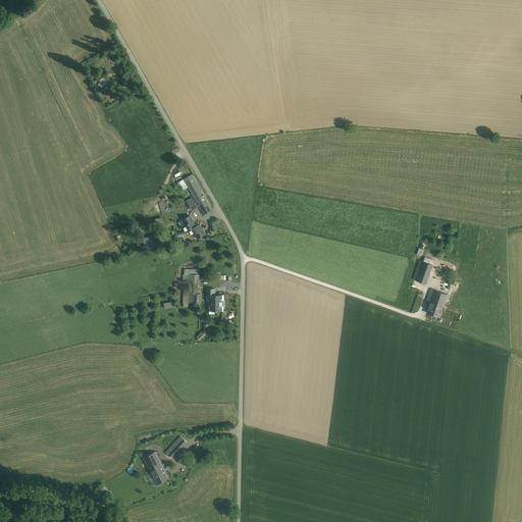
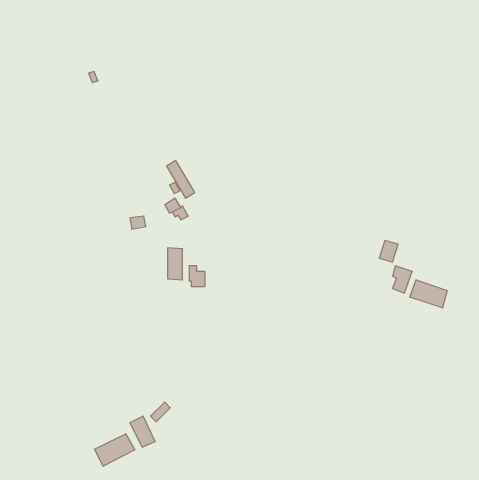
building: none -> [410,280,447,308]
building: none -> [95,434,135,466]

